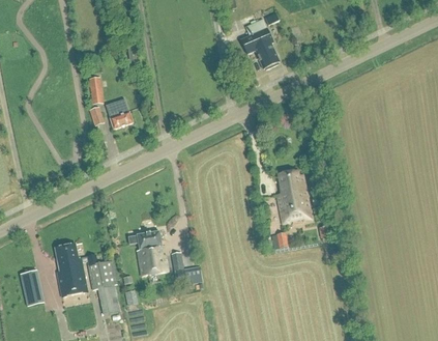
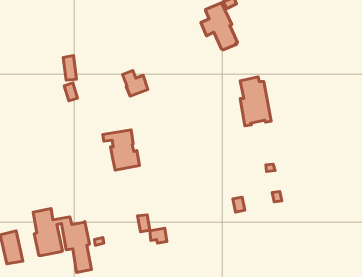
building: [105,101,133,129] -> [123,71,148,96]
building: [276,169,311,223] -> [240,77,271,126]
building: [127,230,168,275] -> [103,130,140,170]

